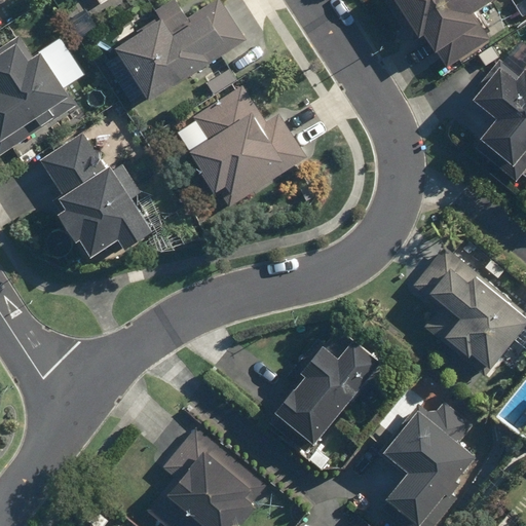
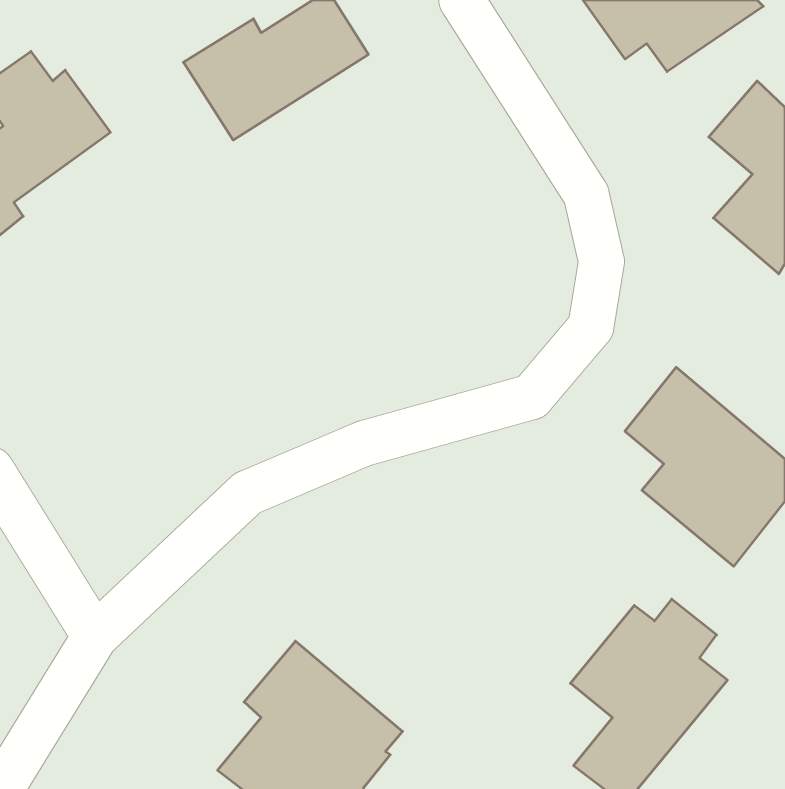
building: [170,87,306,193] -> none
building: [39,134,157,255] -> none
building: [269,338,386,454] -> none

